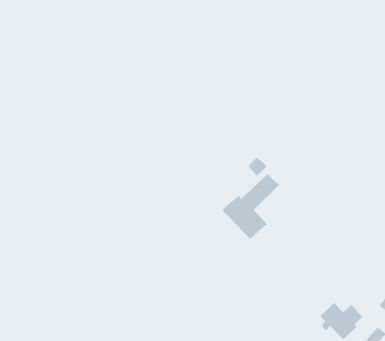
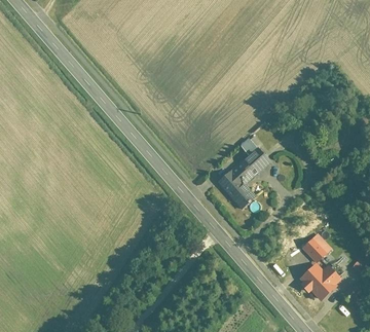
building: none -> [302,232,331,261]

